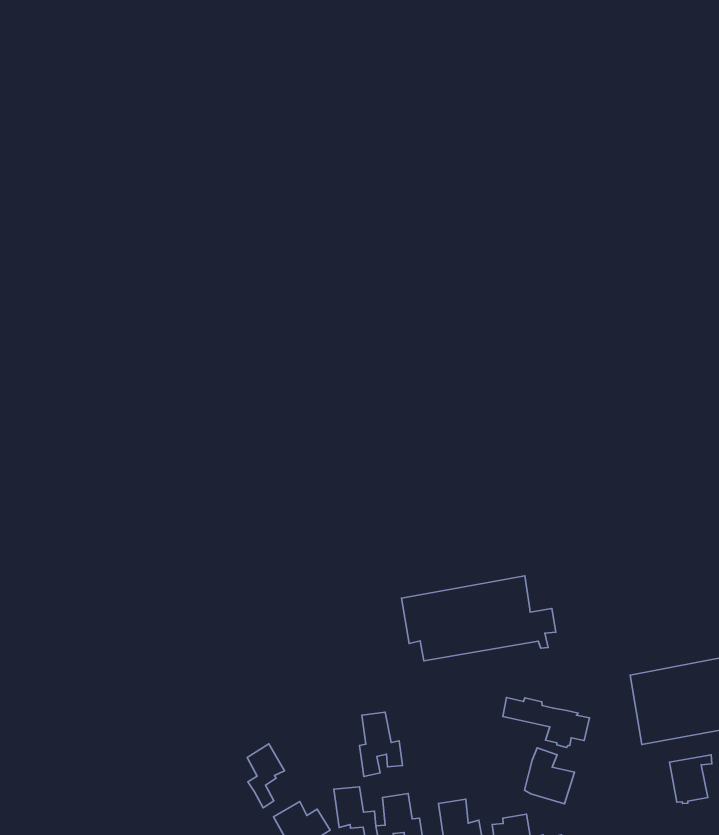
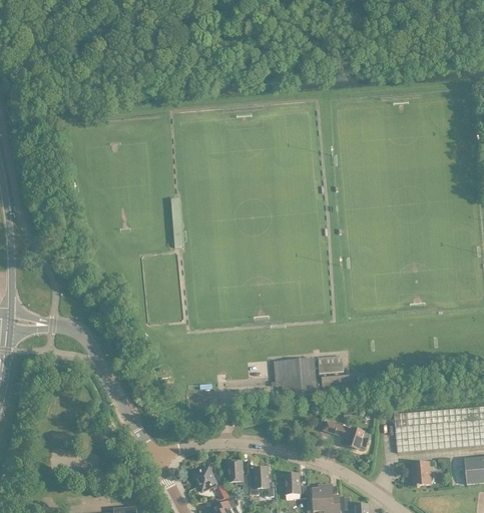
building: [359,712,402,776] -> none
building: [247,744,285,808] -> none
building: [524,748,575,804] -> none

